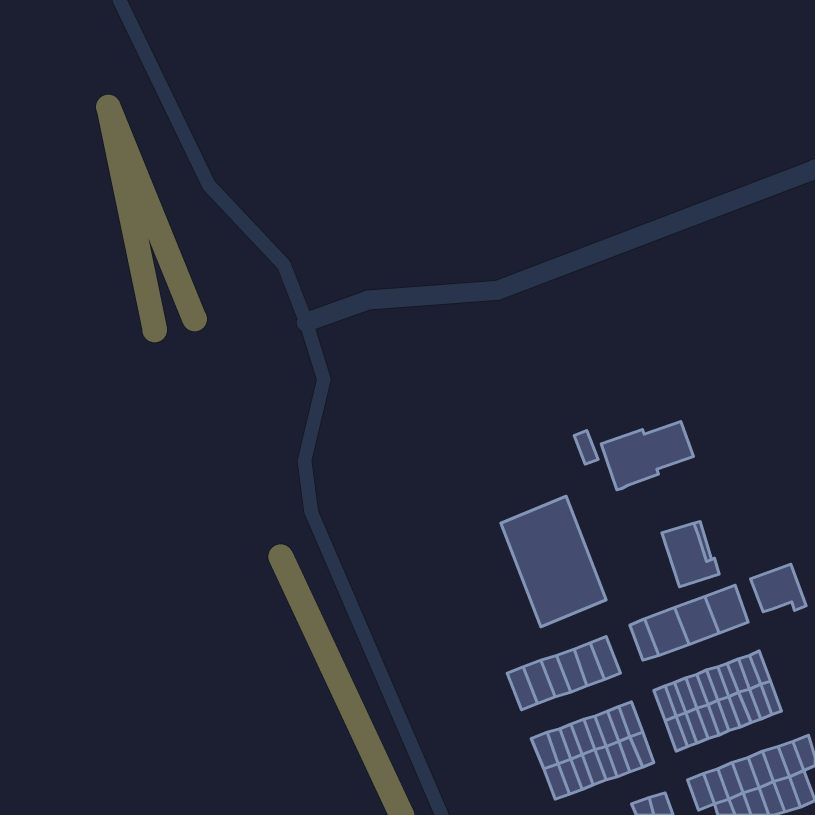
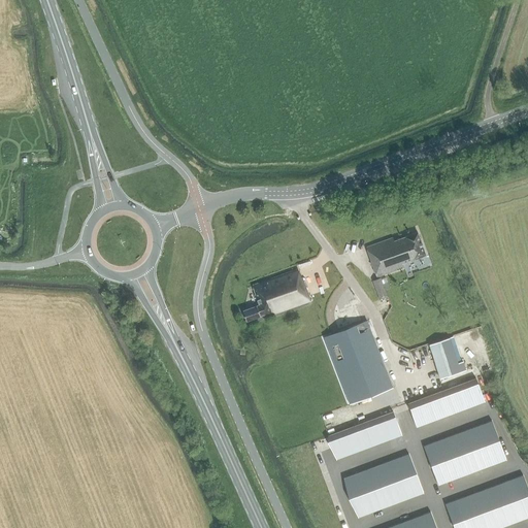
building: none -> [242,269,310,322]
building: [601,421,694,490] -> [366,233,426,277]
building: [750,564,806,612] -> none

